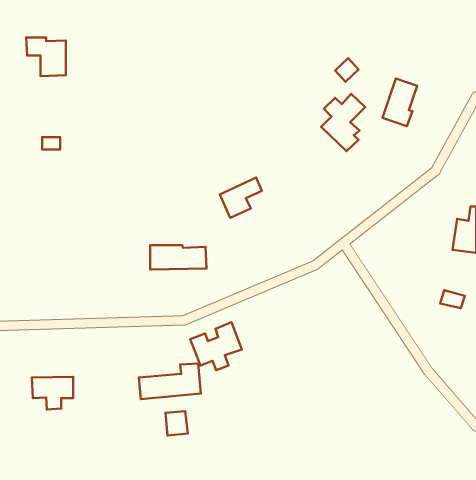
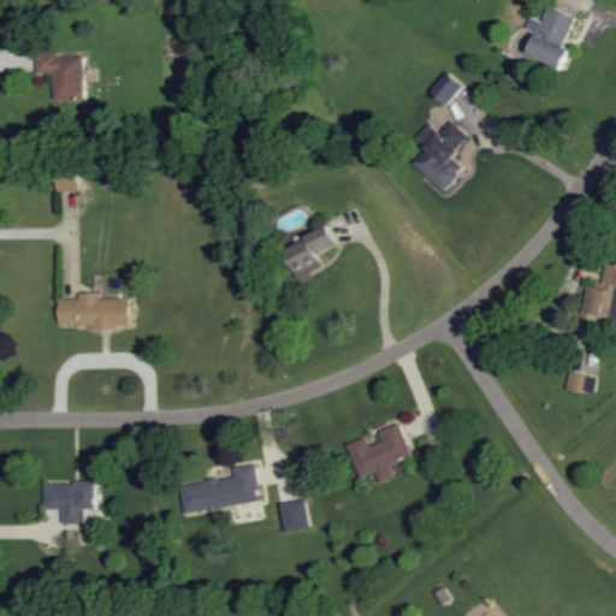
building: [383,78,417,126] -> [528,6,573,67]
building: [150,245,206,270] -> [57,296,129,327]
building: [190,322,242,370] -> [344,422,410,484]
building: [165,411,188,435] -> [279,500,308,532]

